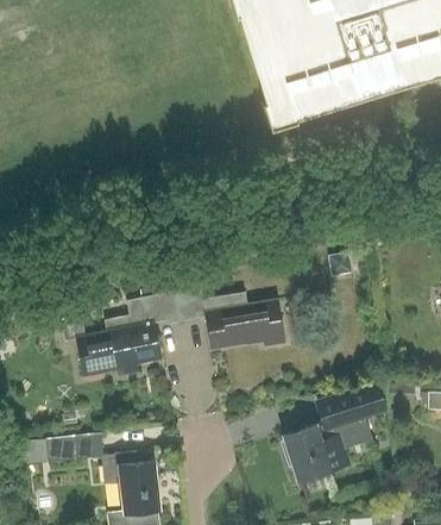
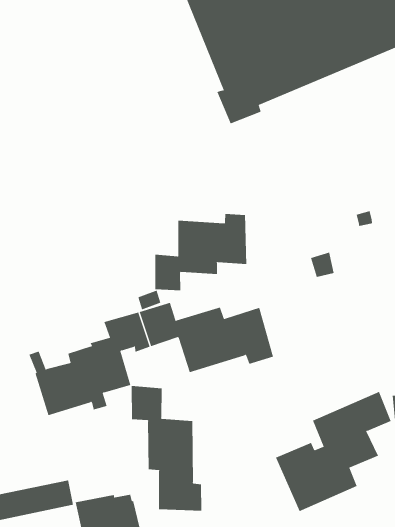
building: none -> [155,213,247,291]
building: none -> [131,385,202,511]

